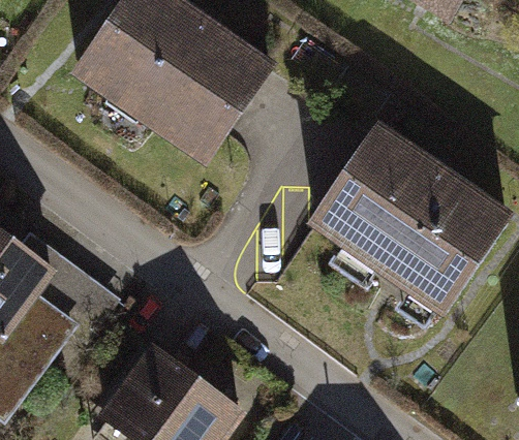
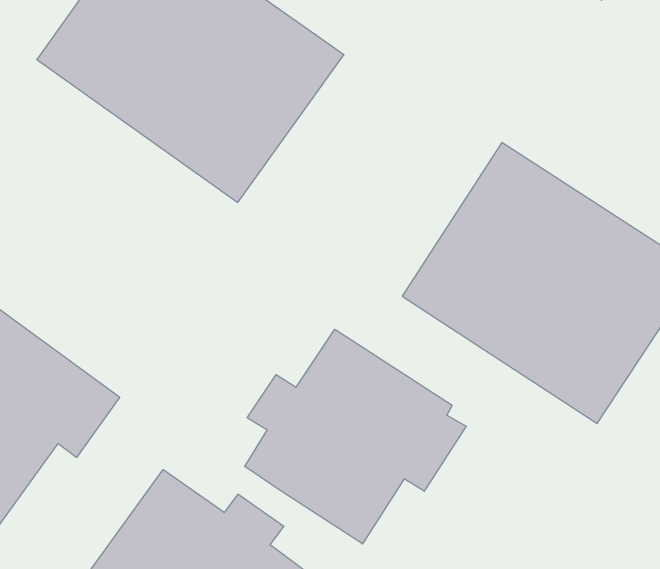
building: none -> [245,329,466,544]

